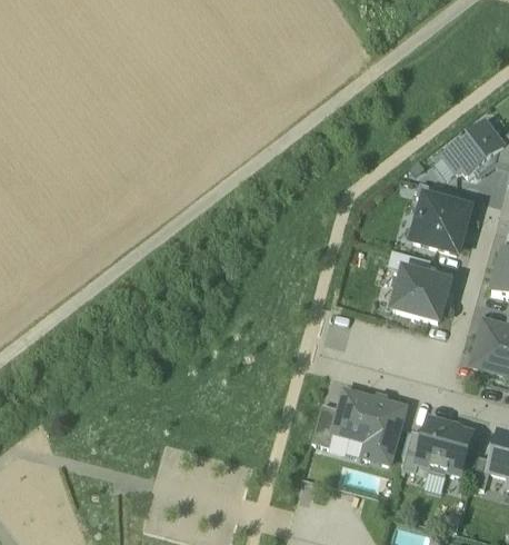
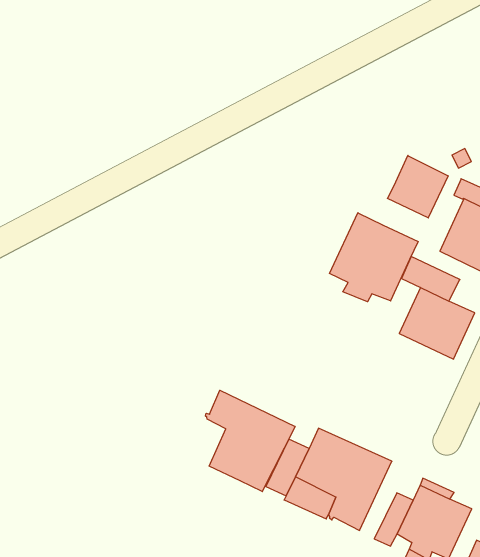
building: none -> [387,155,448,218]
building: none -> [329,213,418,302]
building: none -> [206,390,295,492]

